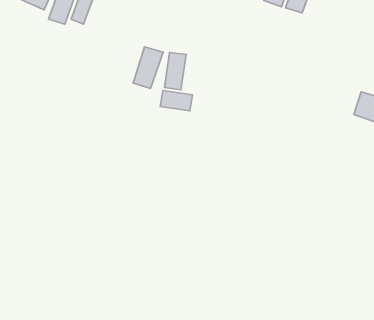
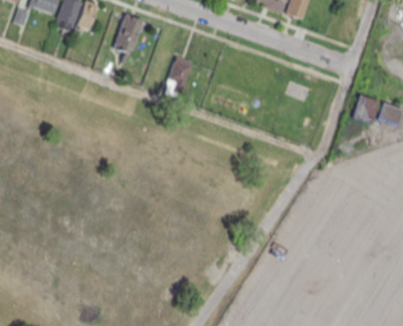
building: [133,47,163,88] -> [116,14,145,54]
building: [160,90,192,111] -> none

